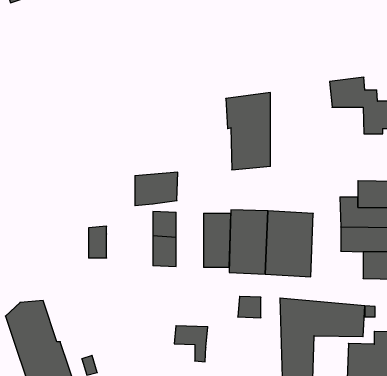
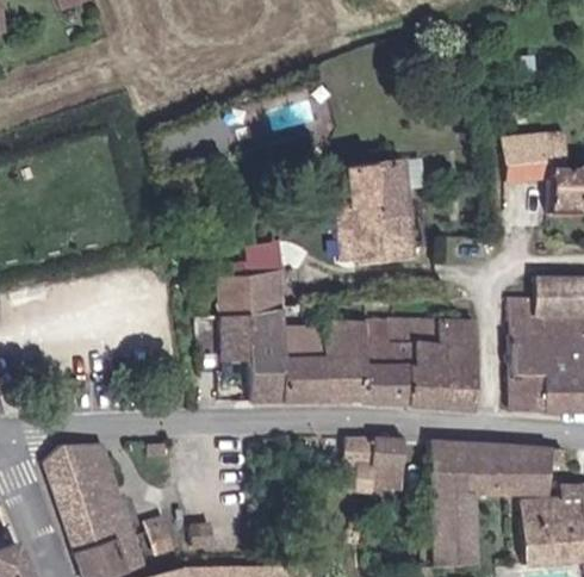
building: [89,226,107,258] -> [226,308,251,352]
building: none -> [284,348,322,396]
building: none -> [512,373,543,411]
building: [174,326,208,362] -> [325,435,372,485]

